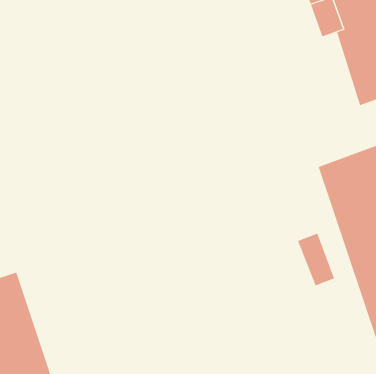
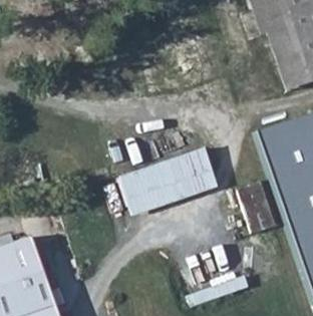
building: none -> [120,151,222,218]

